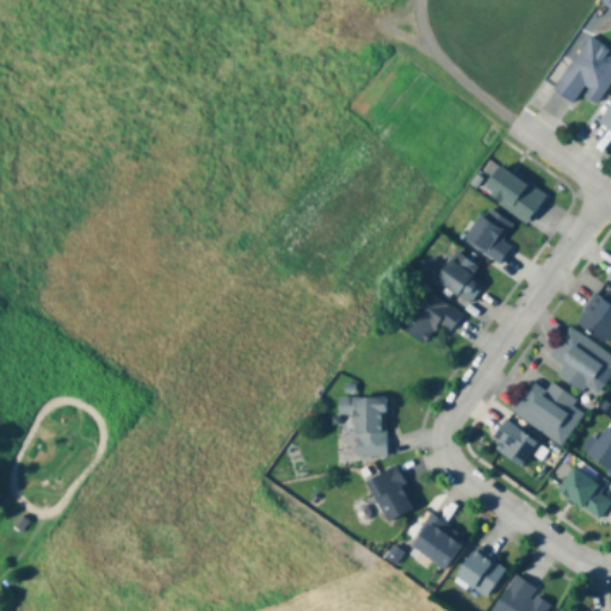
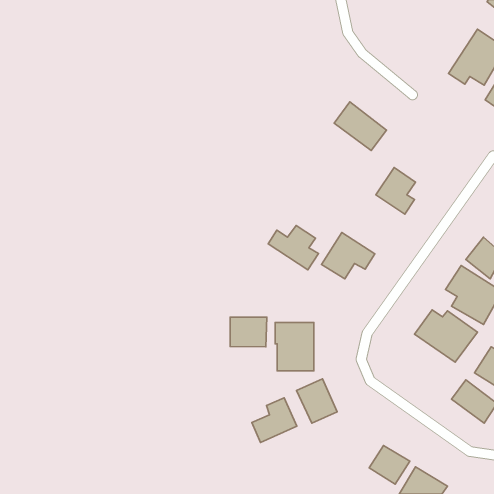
building: [481,163,545,223] -> [334,102,387,150]
building: [421,251,483,306] -> [268,225,319,270]
building: none -> [230,317,267,347]
building: [490,419,539,467] -> none
building: none -> [252,398,297,442]
building: [411,513,467,569] -> none

